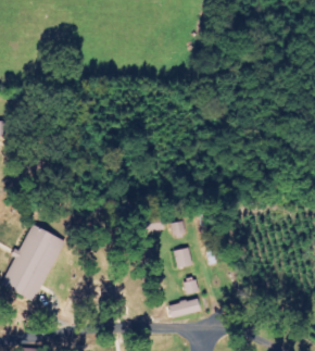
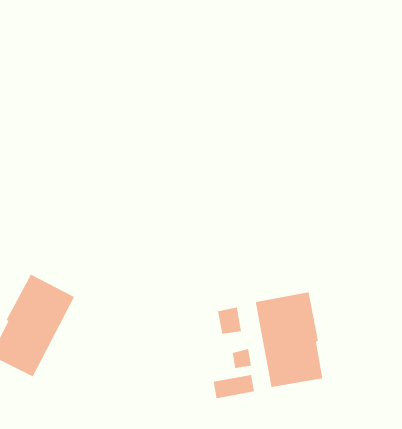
building: none -> [255,292,323,388]

